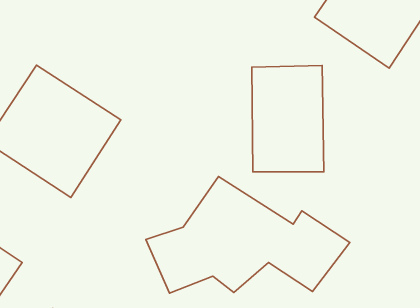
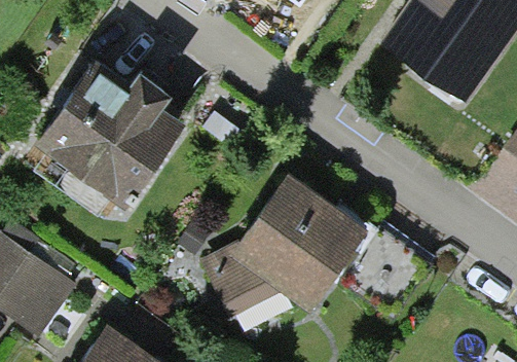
building: [252,65,324,172] -> none

